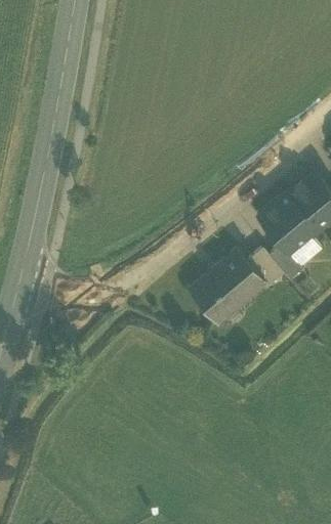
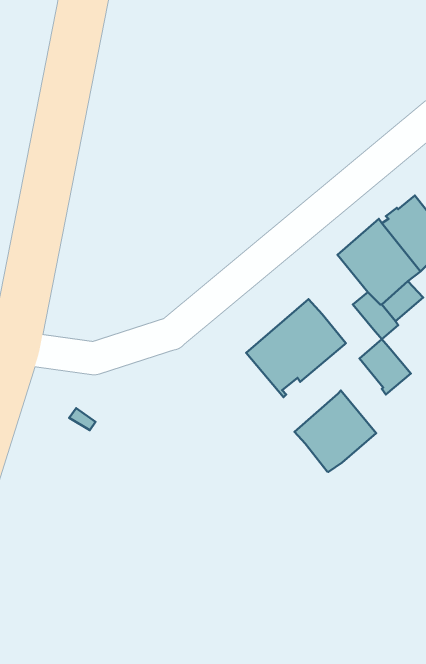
building: [248,249,286,290] -> [360,339,411,394]
building: none -> [295,390,376,472]

